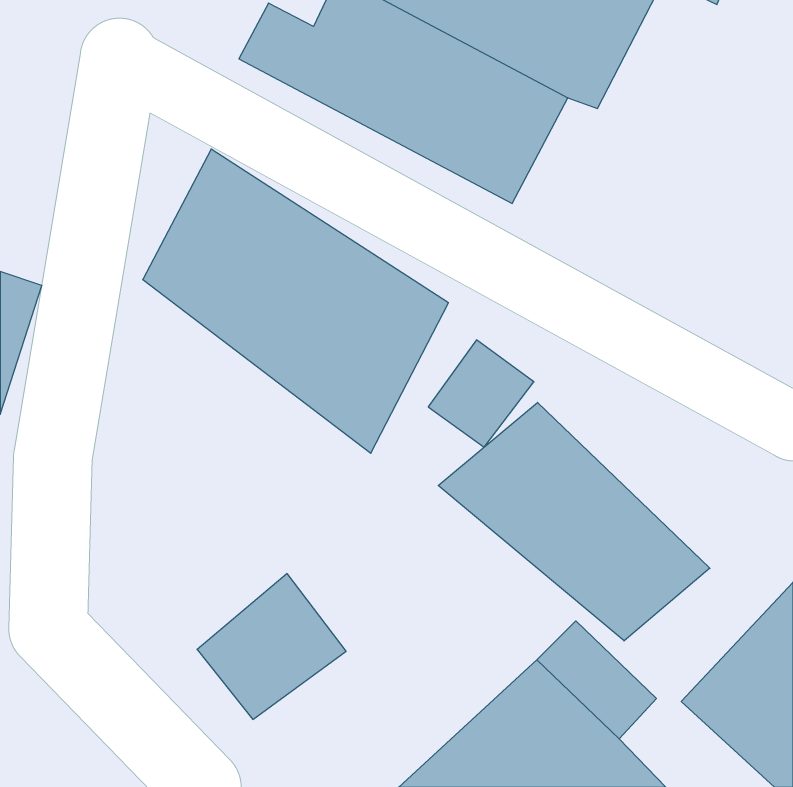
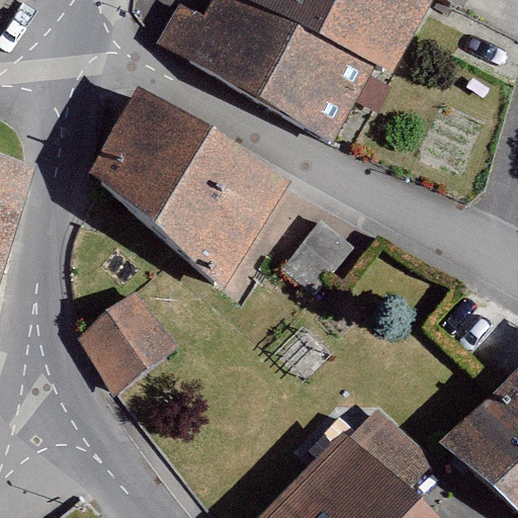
building: [438,402,710,641] -> none
building: [197,574,346,719] -> [76,295,173,391]

